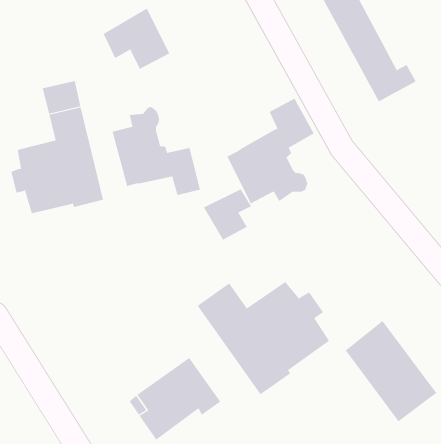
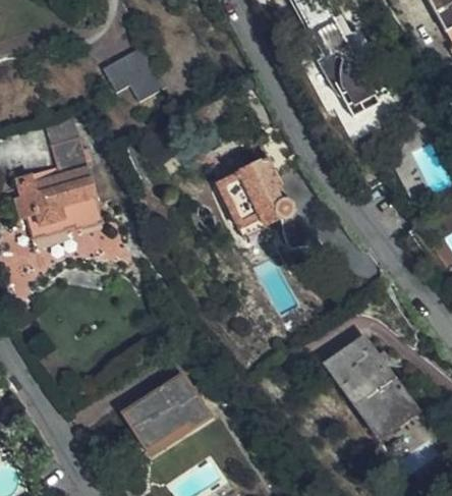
building: [112,106,200,196] -> none
building: [203,189,252,240] -> none
building: [197,281,330,395] -> none

